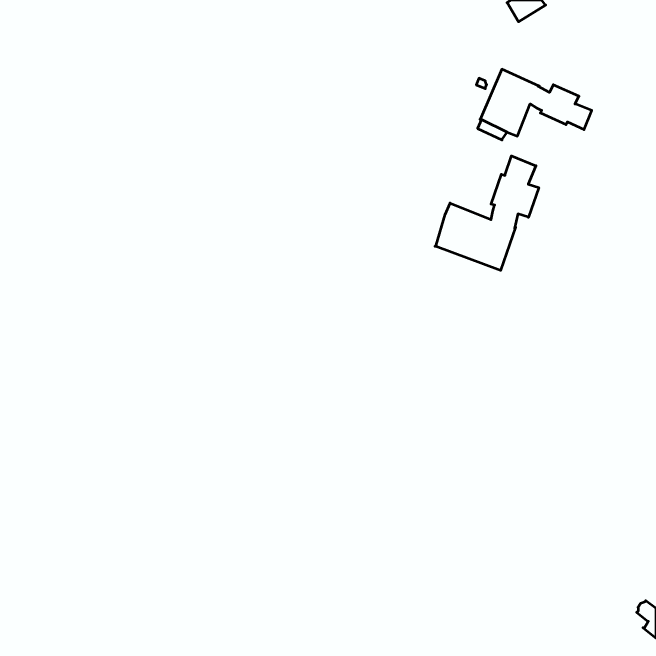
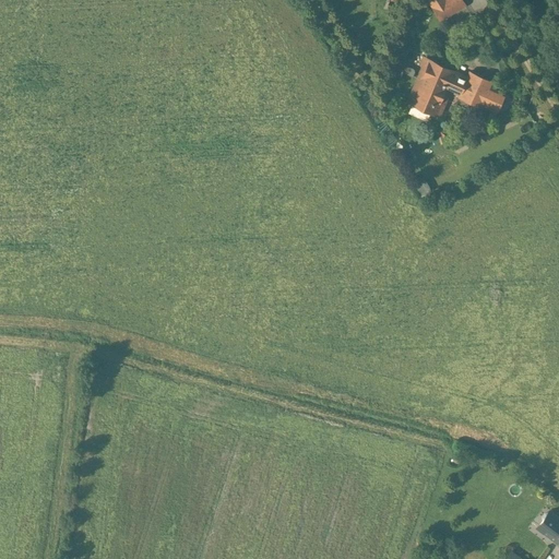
building: [435,156,539,270] -> none

